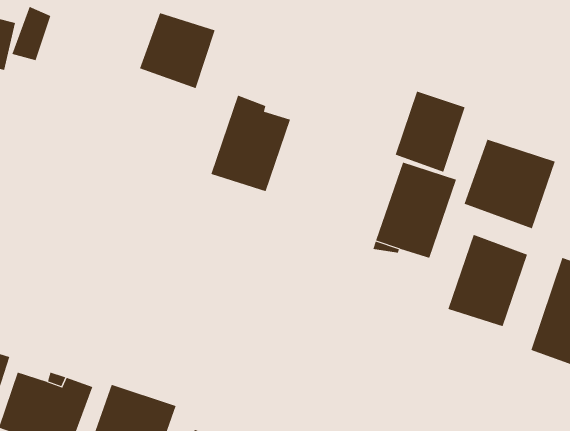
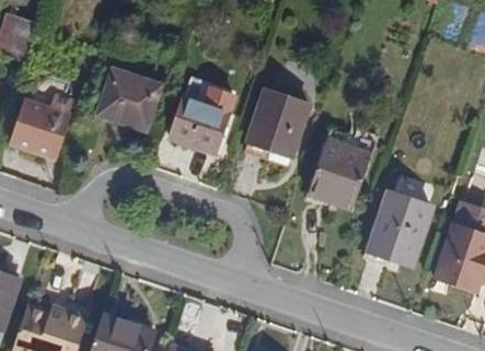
building: [139,13,215,89] -> [107,70,169,131]
building: [395,91,466,173] -> [254,93,311,159]
building: none -> [20,98,81,157]
building: [464,139,556,229] -> none

